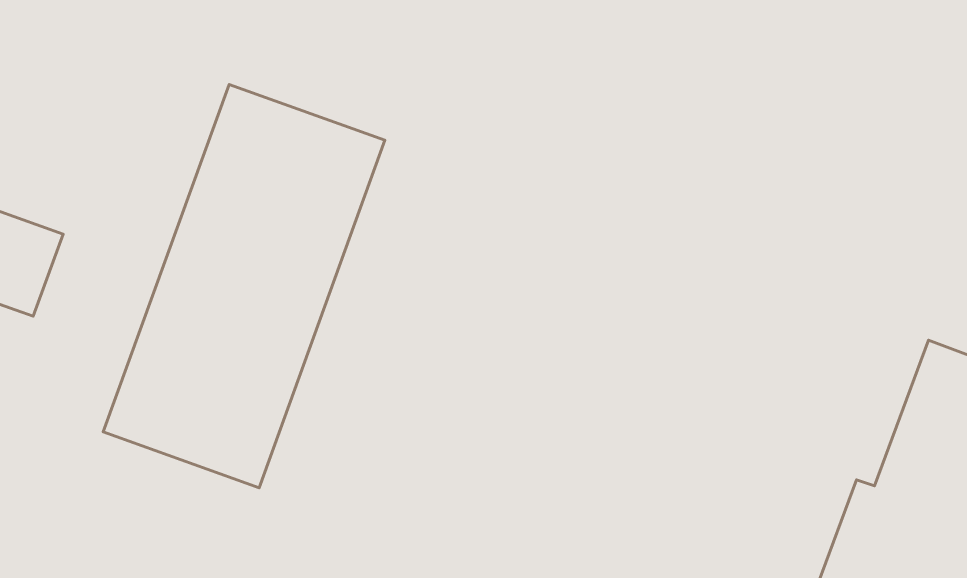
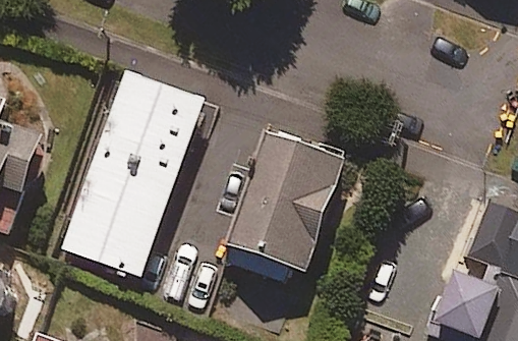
building: none -> [222,127,347,280]

